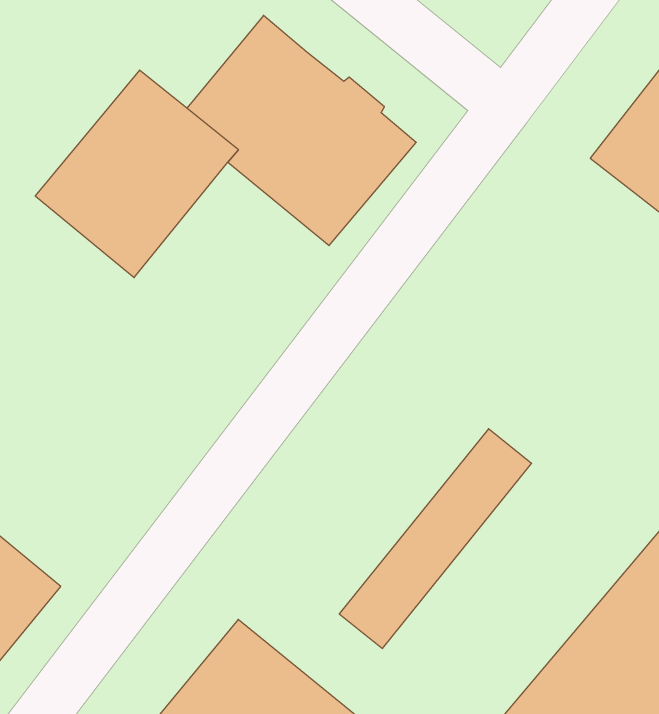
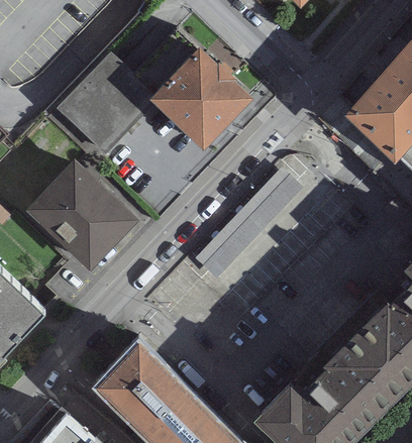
building: none -> [27,157,139,269]
building: [339,429,532,649] -> [196,163,304,274]

